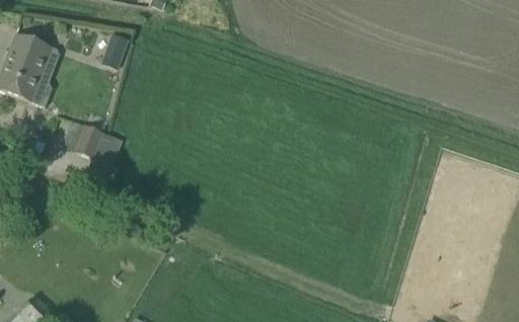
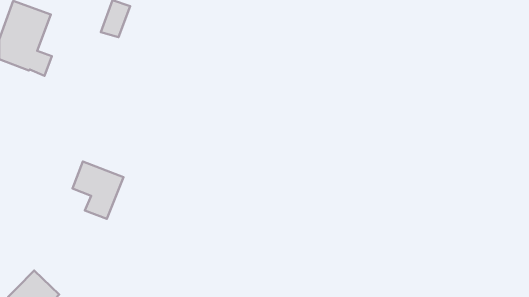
building: [73,124,123,179] -> [72,162,123,219]

